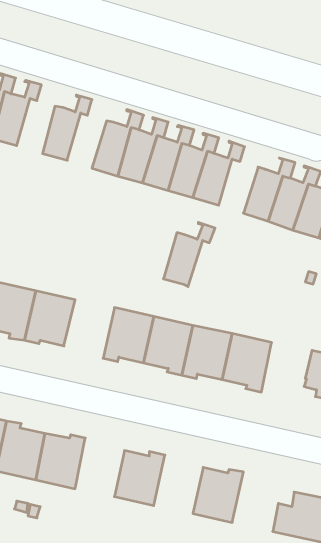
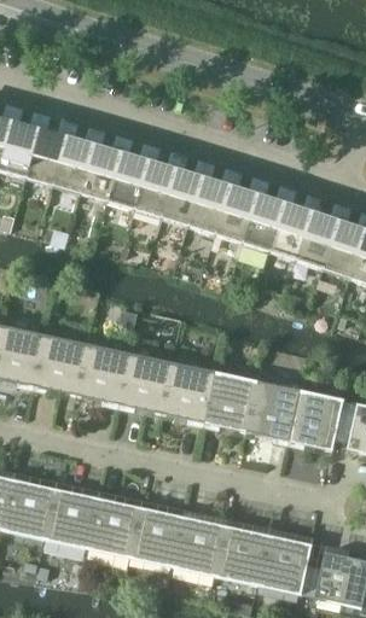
building: none -> [24,117,79,187]
building: none -> [79,133,133,203]
building: [163,222,215,287] -> [242,182,297,251]
building: none -> [75,344,129,407]
building: none -> [287,390,342,449]
building: none -> [87,492,140,555]
building: none -> [172,511,225,573]
building: none -> [256,529,310,593]

